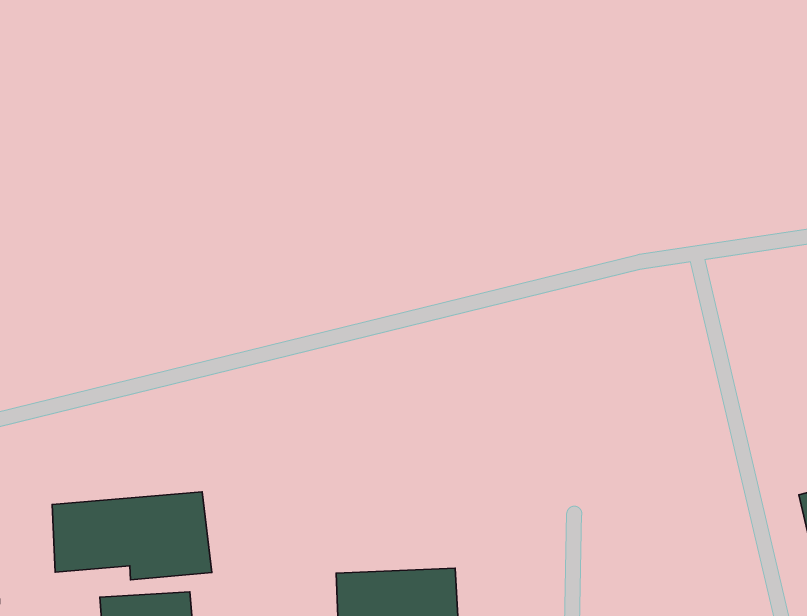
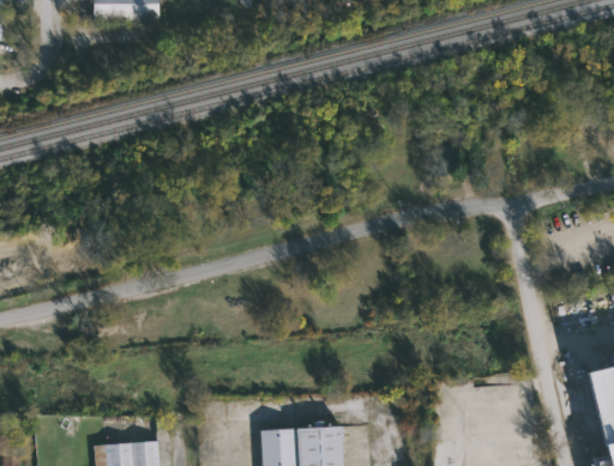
building: [52,492,212,580] -> none

